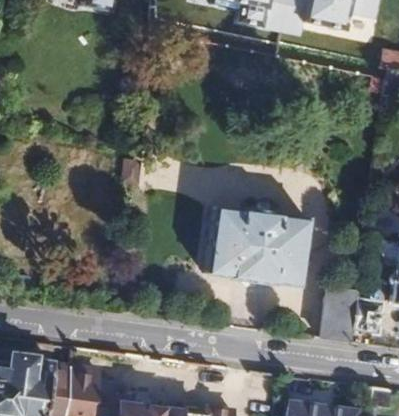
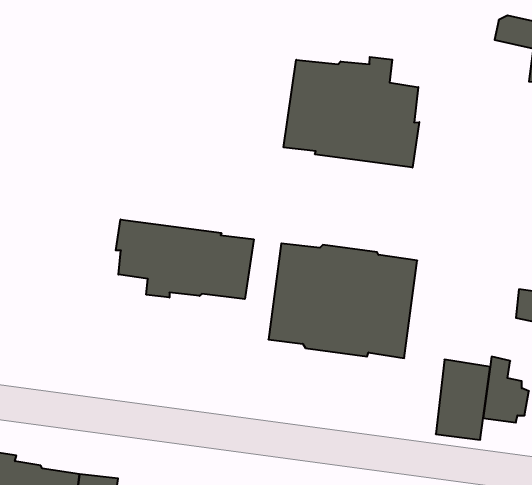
building: none -> [284,57,419,168]
building: none -> [116,219,254,299]

